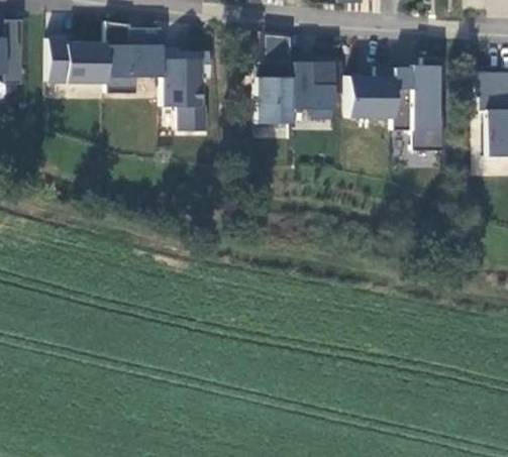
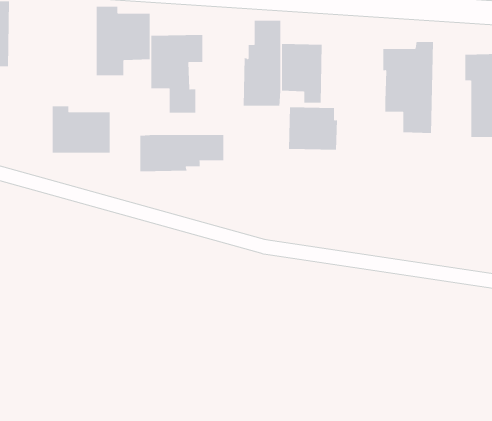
building: [47,35,106,83] -> [52,106,111,153]
building: [345,74,395,117] -> [288,107,338,150]
building: none -> [140,134,224,172]

